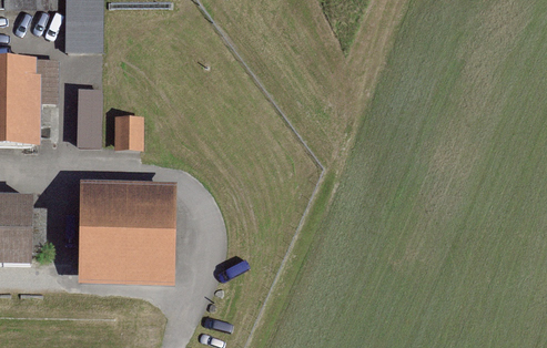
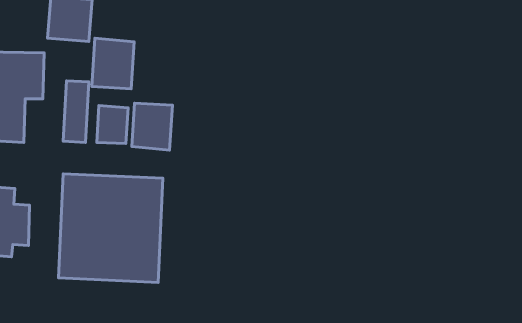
building: none -> [92,38,134,89]
building: none -> [132,103,172,150]

